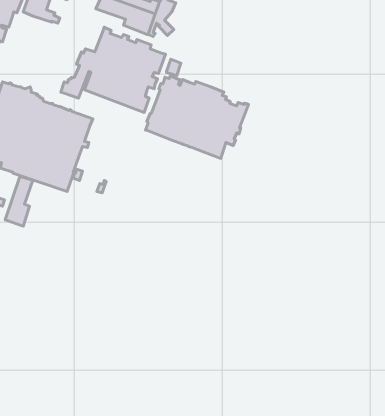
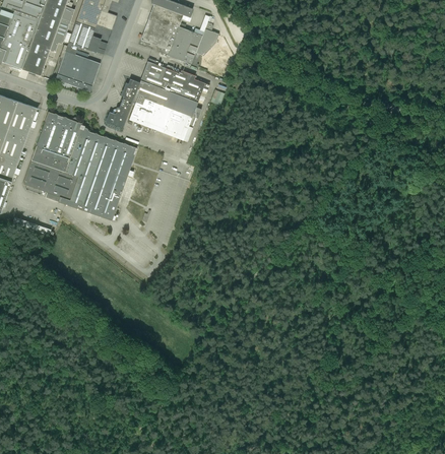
building: none -> [55,43,100,91]
building: [146,76,248,158] -> none
building: [5,177,33,226] -> none

